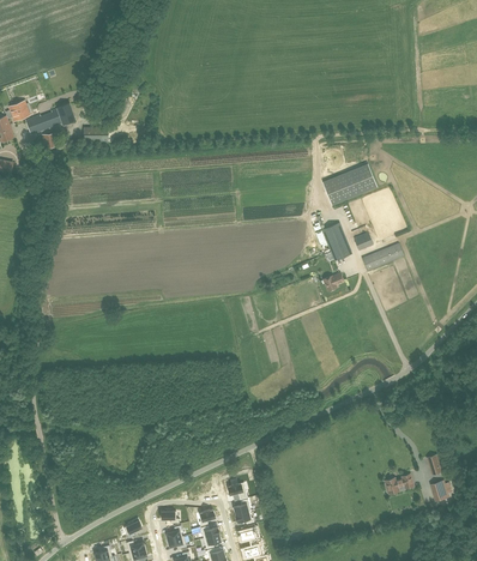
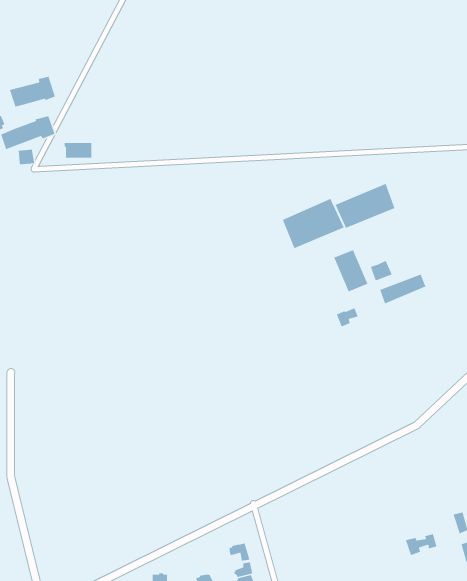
building: none -> [9,76,56,107]
building: none -> [282,198,345,249]

